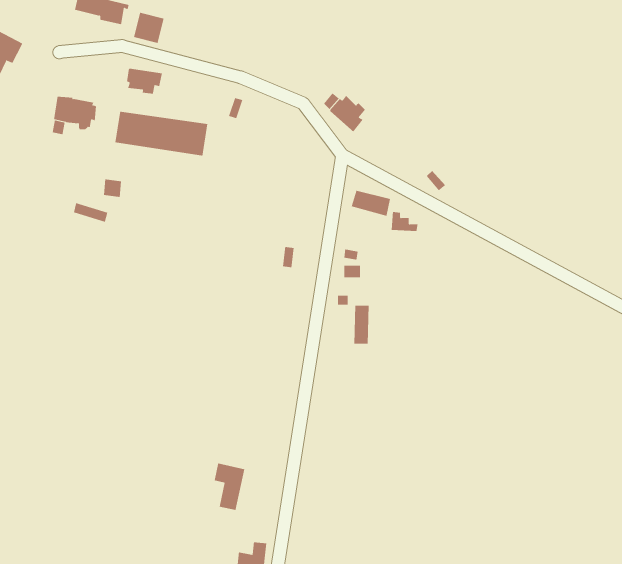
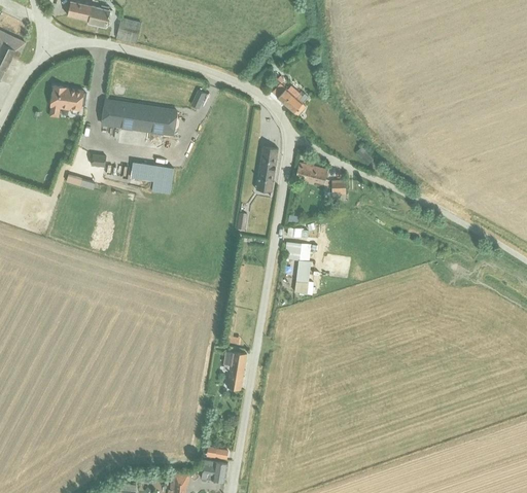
building: [126,68,163,94] -> none
building: none -> [255,145,277,191]
building: none -> [129,162,173,192]
building: [214,463,245,510] -> [220,351,246,390]

